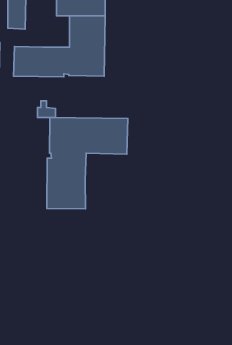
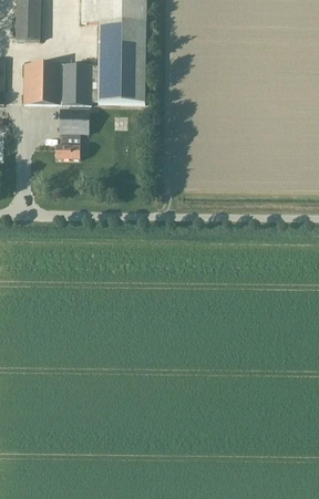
building: none -> [60,108,90,133]
building: [47,117,128,209] -> none

